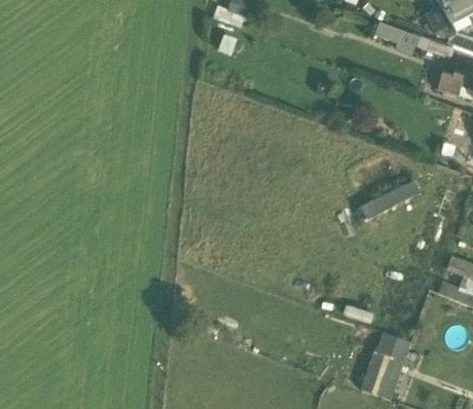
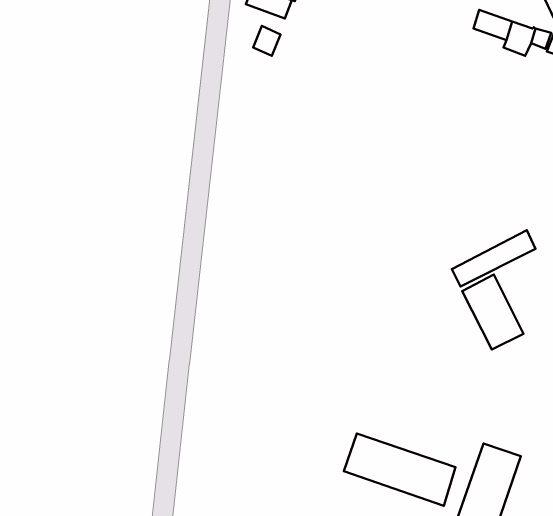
building: none -> [462,274,523,350]
building: none -> [344,434,456,506]

